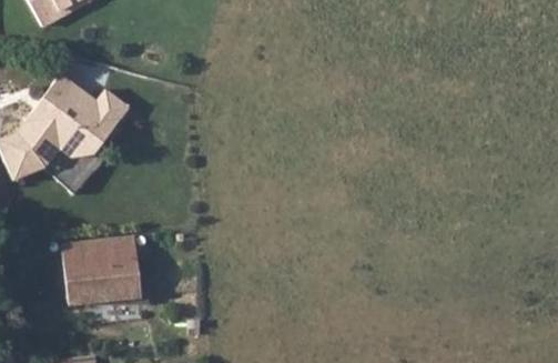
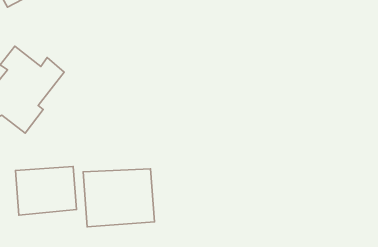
building: none -> [83,169,154,227]

